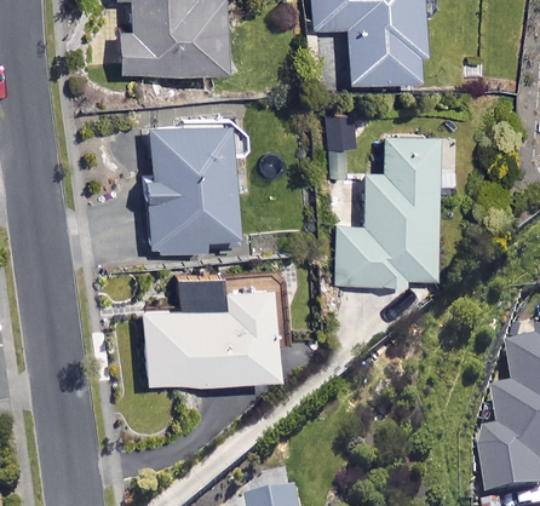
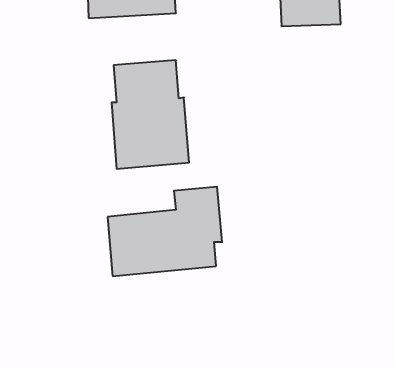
building: [343,138,437,284] -> none

